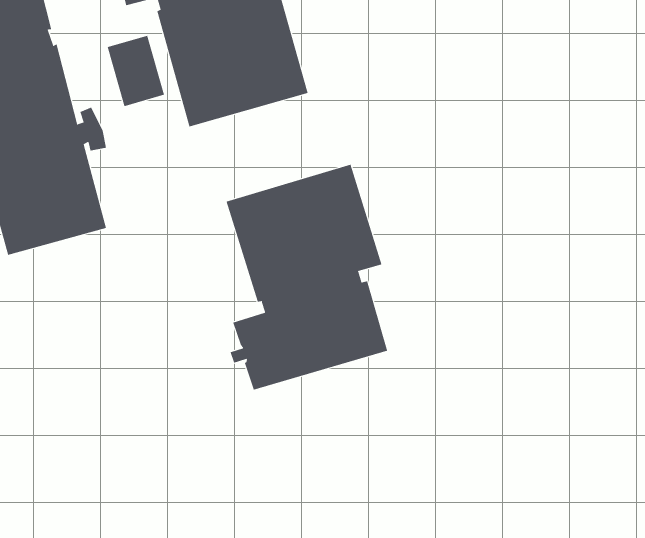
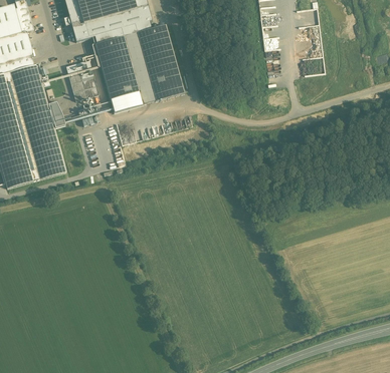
building: [226,164,388,391] -> none

